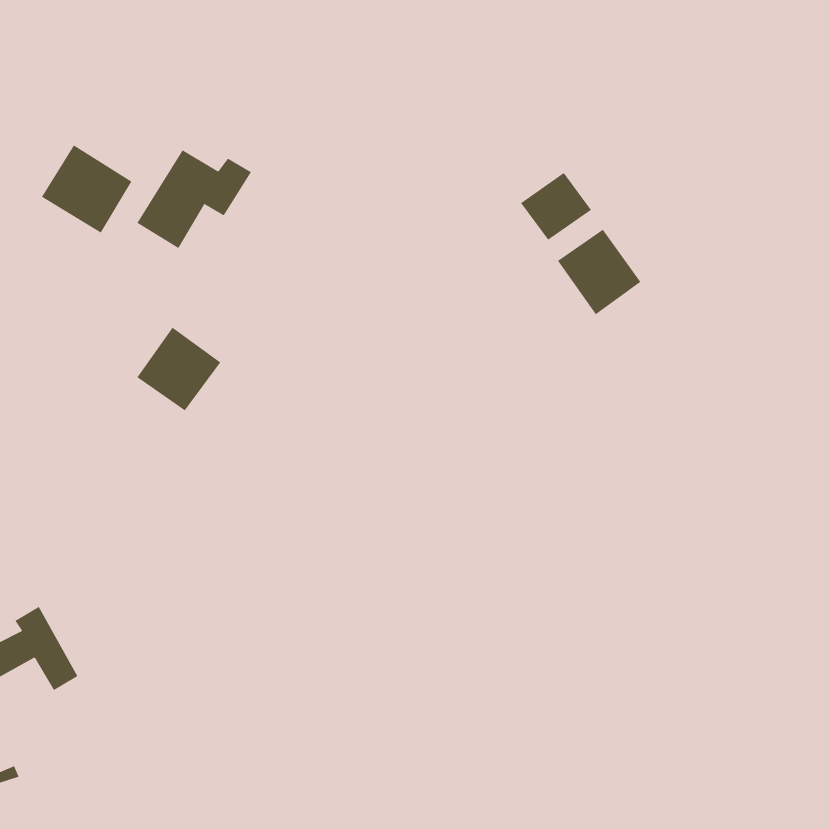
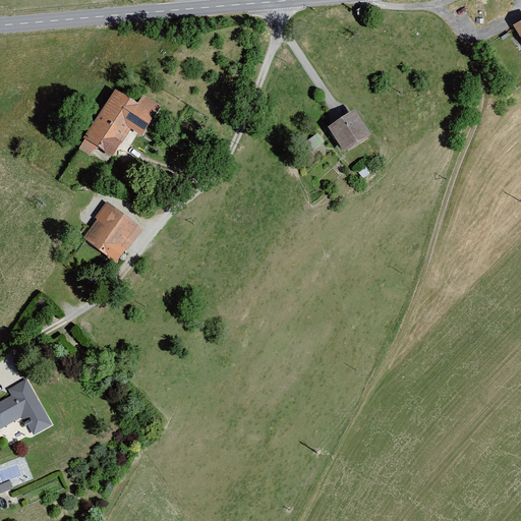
building: [41,145,132,233] -> none
building: [557,229,641,315] -> none

